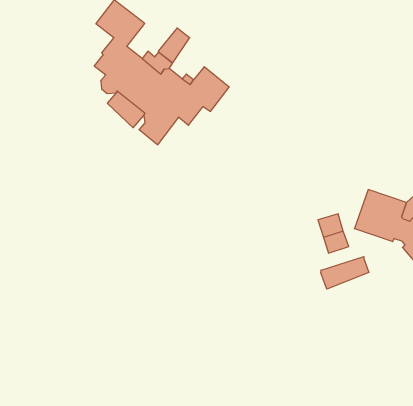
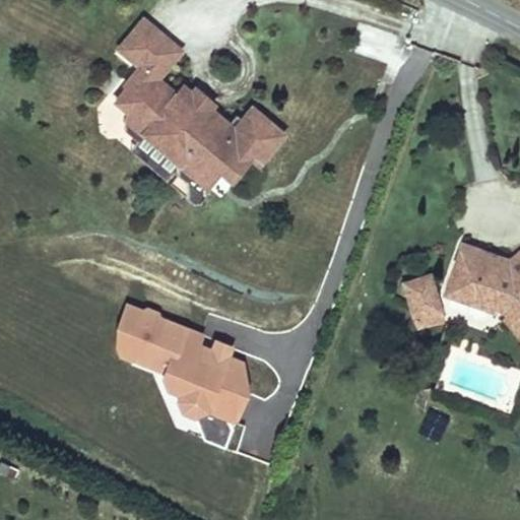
building: [158,28,190,63] -> none
building: none -> [121,316,251,434]
building: [321,257,369,289] -> none

